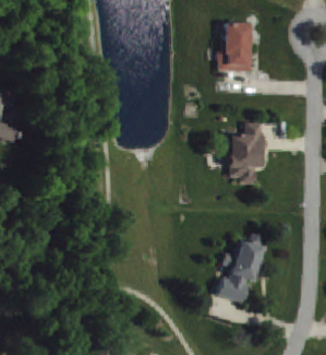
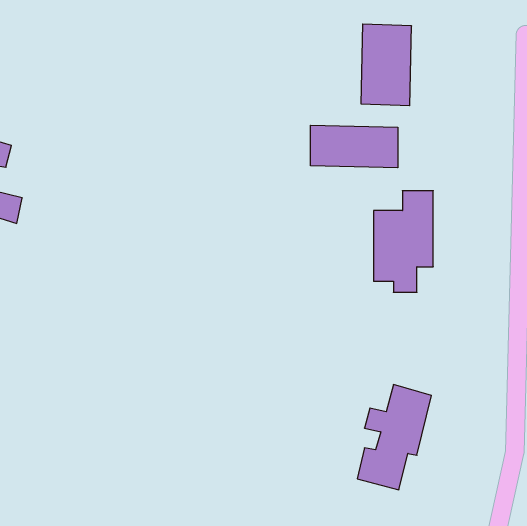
building: none -> [311,125,398,168]

